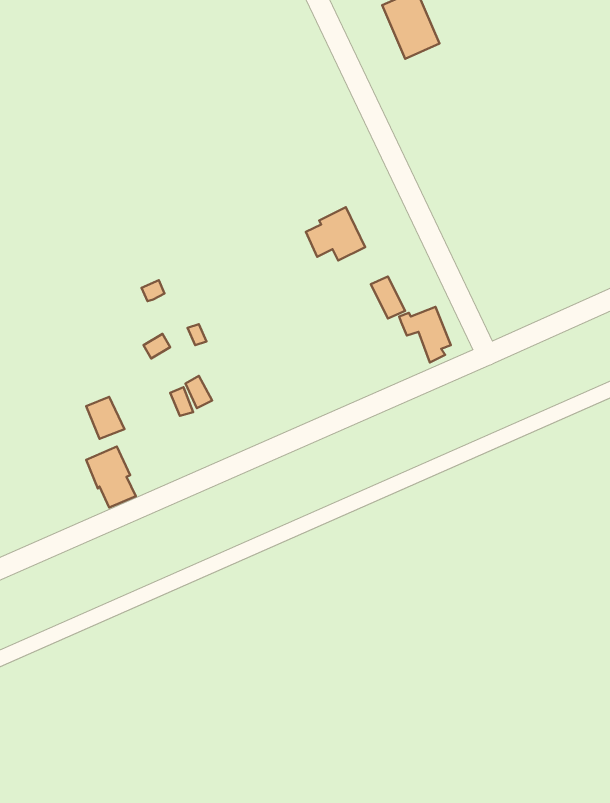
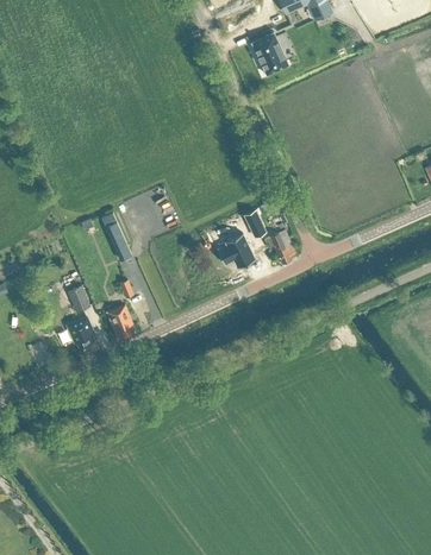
building: [306,207,365,261] -> [218,232,255,265]
building: none -> [107,303,133,339]

